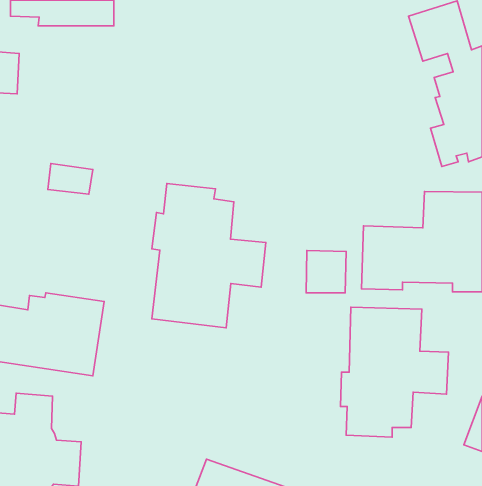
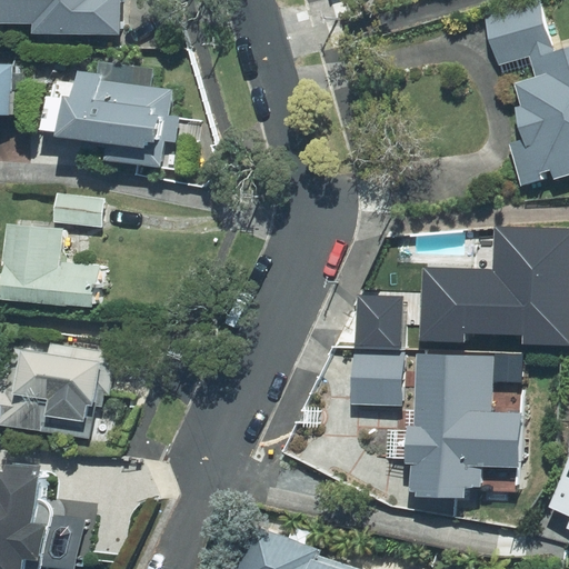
building: none -> [47,63,180,166]
building: [152,183,266,328] -> none
building: none -> [11,222,108,307]
building: none -> [351,352,402,403]

